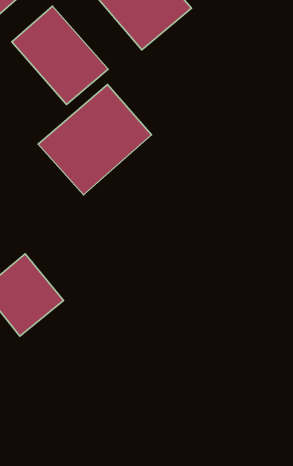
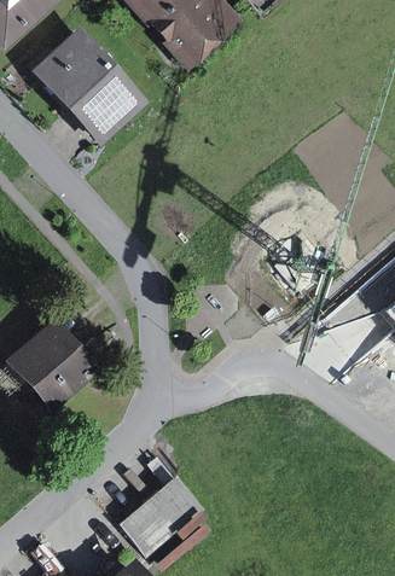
building: [38,85,151,195] -> none
building: none -> [121,479,208,564]

